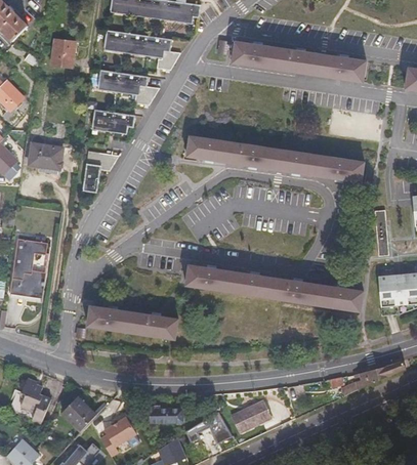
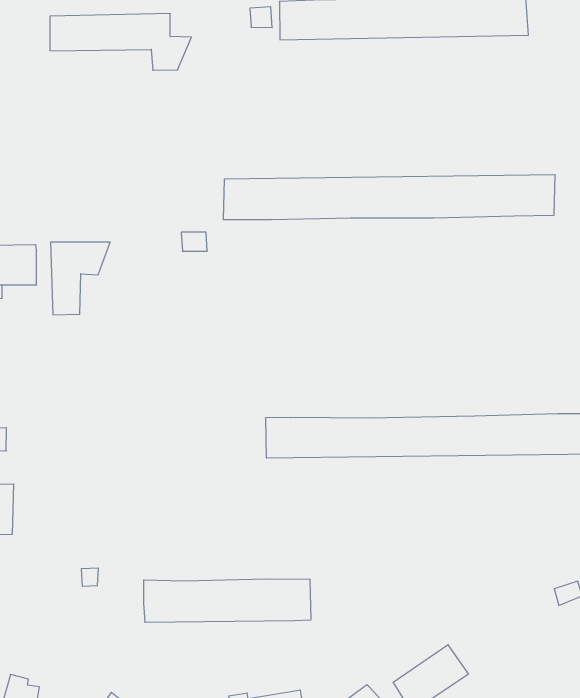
building: [99,70,160,105] -> none
building: [92,109,135,133] -> none
building: [89,304,181,340] -> [144,579,311,622]

